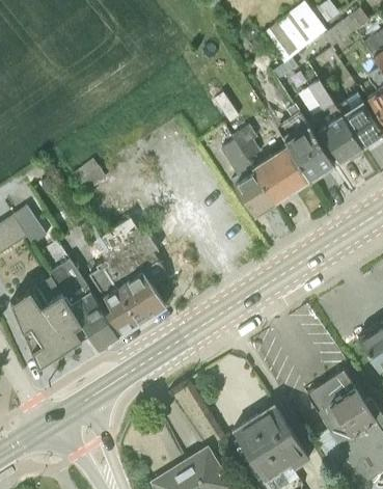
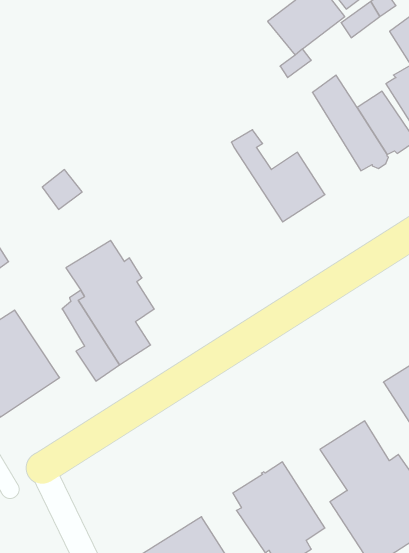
building: [277,106,335,181] -> none
building: [222,141,275,217] -> none
building: [50,261,119,348] -> none

